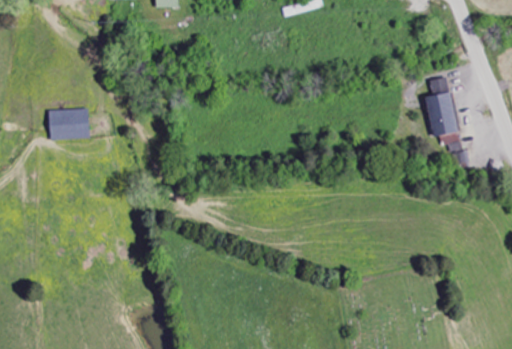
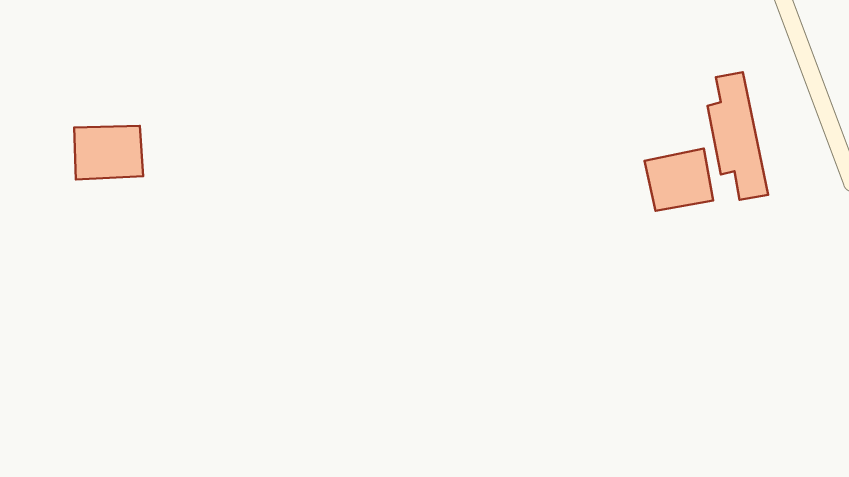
building: none -> [645,149,713,211]

